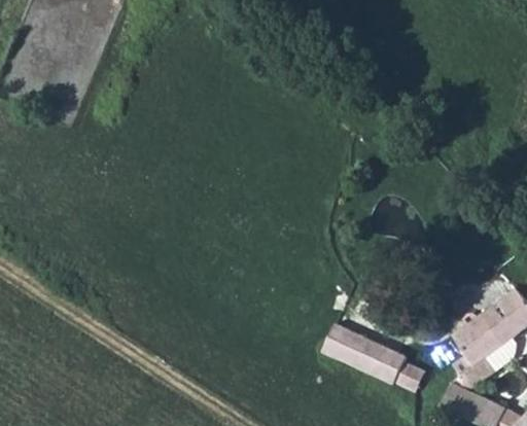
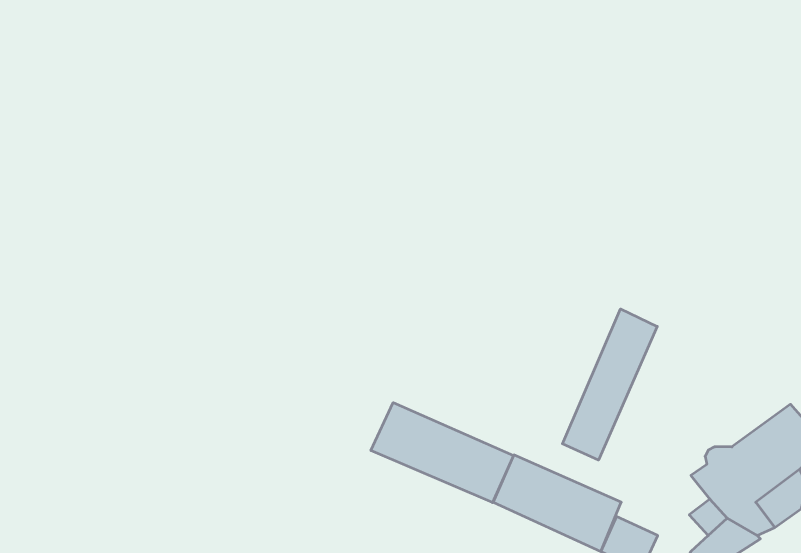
building: none -> [562,309,657,460]
building: none -> [371,403,513,503]

